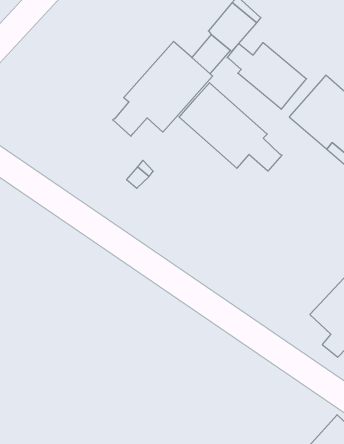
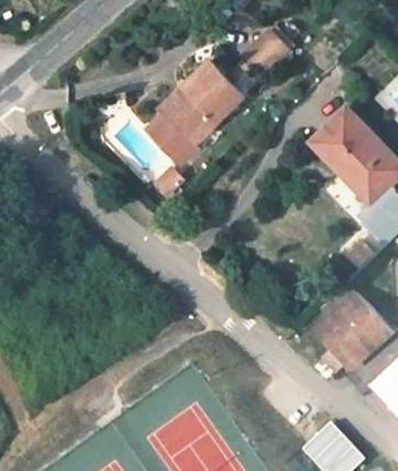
building: [227,43,307,109] -> none
building: [179,83,282,171] -> none

